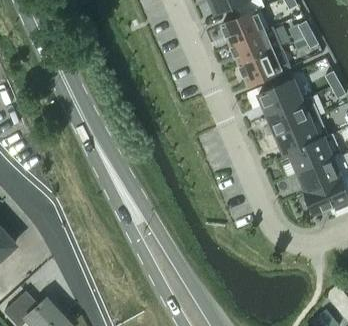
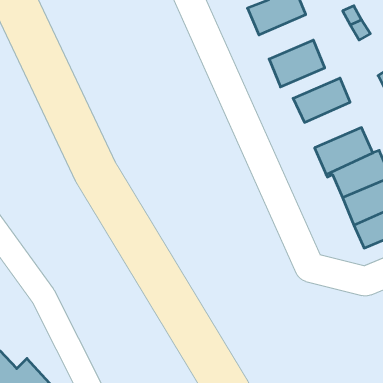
building: [230,28,273,63] -> none
building: [266,97,311,133] -> none

